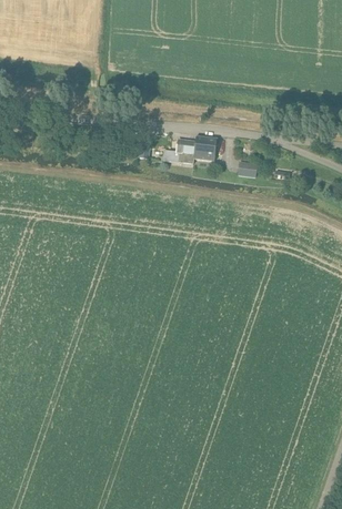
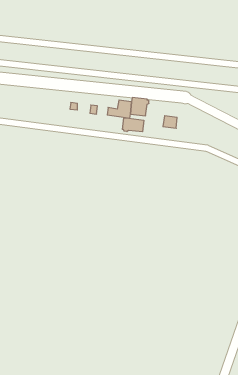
building: none -> [122,118,144,132]

